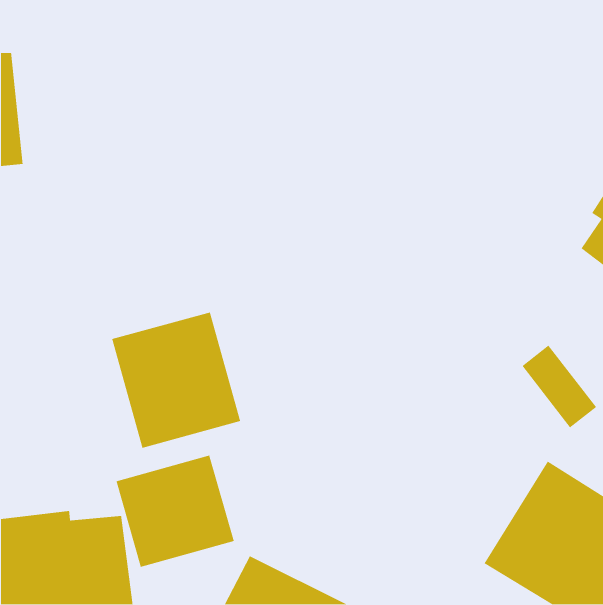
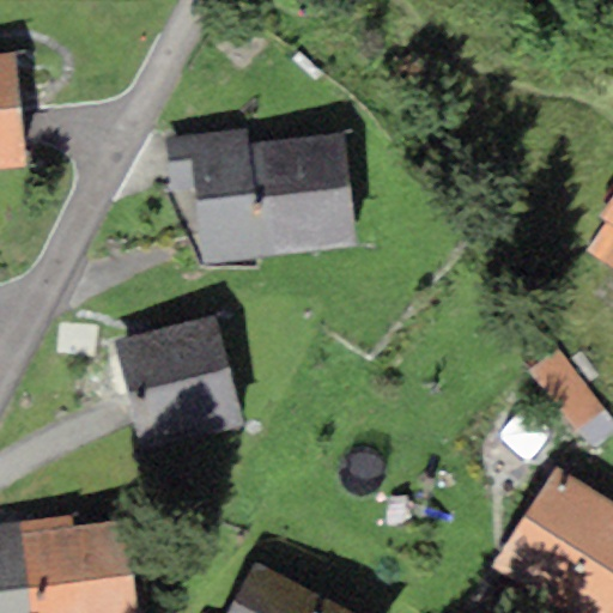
building: none -> [165,128,357,261]
building: [115,455,235,568] -> none

